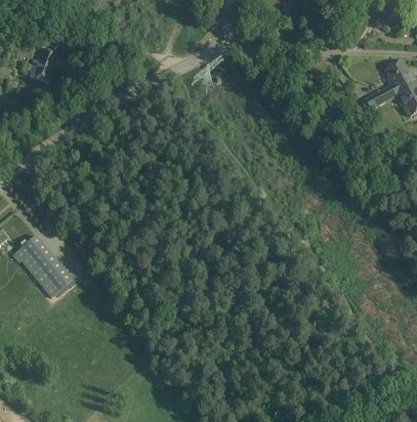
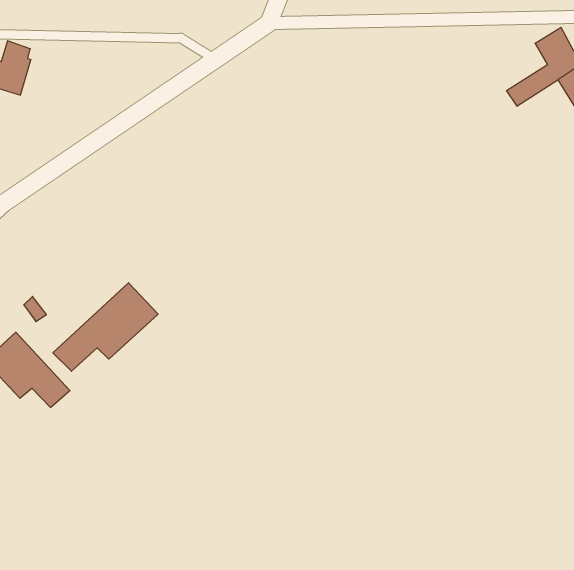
building: none -> [53,283,158,371]

